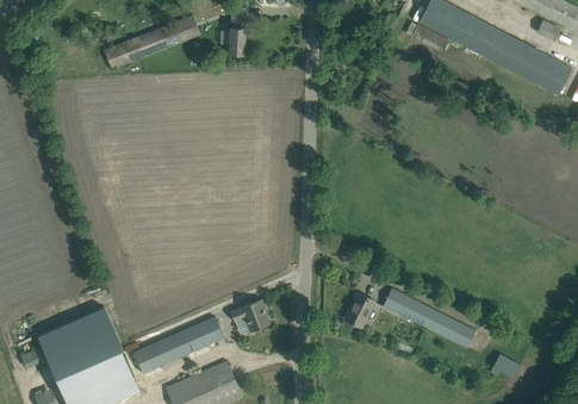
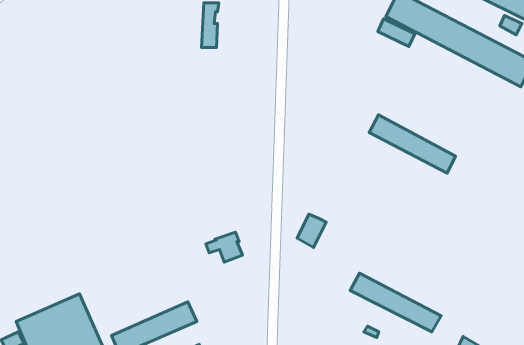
building: [104,15,200,69] -> none
building: none -> [369,115,455,173]
building: [346,293,375,328] -> [297,214,326,247]
building: [231,299,269,330] -> [206,232,243,262]

